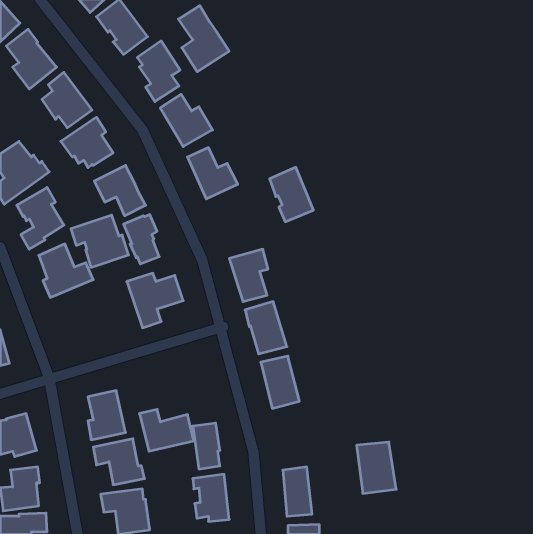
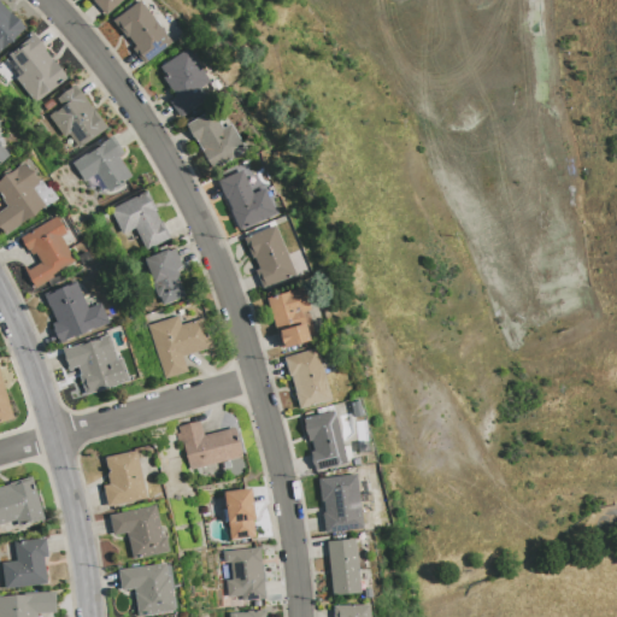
building: [178,6,229,72] -> none
building: [270,167,313,222] -> [245,224,295,287]
building: [71,215,129,267] -> [63,334,129,394]
building: [139,409,194,451] -> [180,421,242,469]
building: [357,442,396,493] -> [318,474,364,533]

